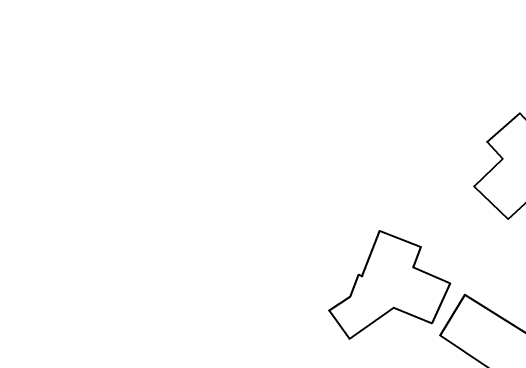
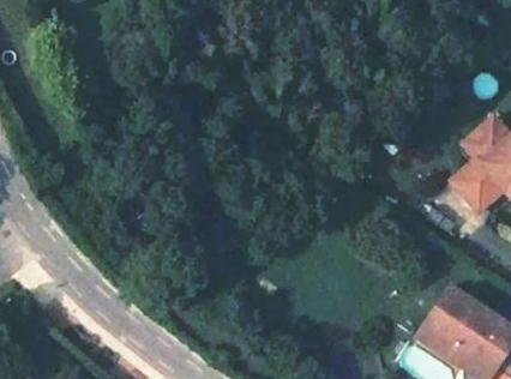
building: [329,231,450,339] -> none

